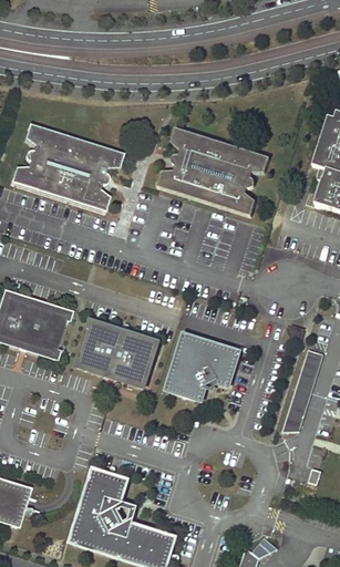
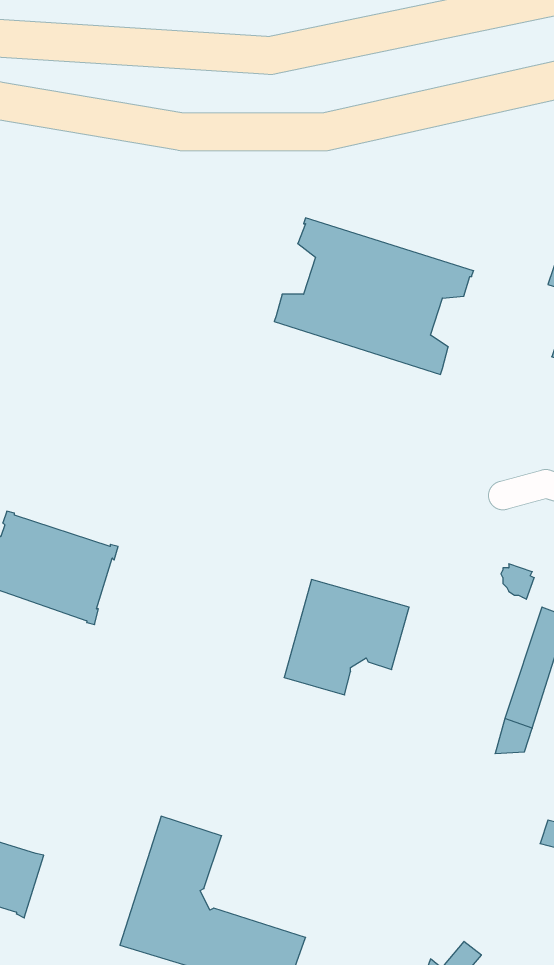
building: [10,123,123,212] -> none
building: [75,318,158,385] -> none

